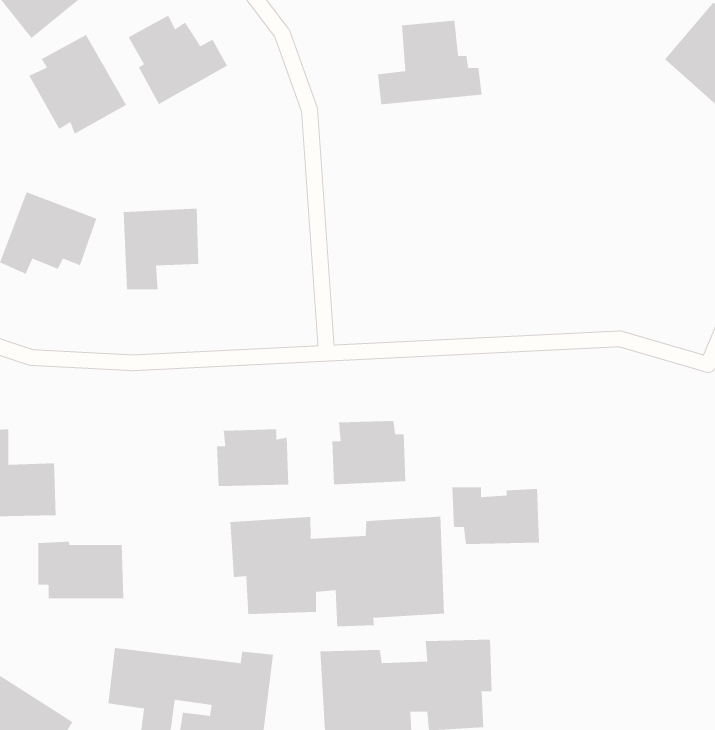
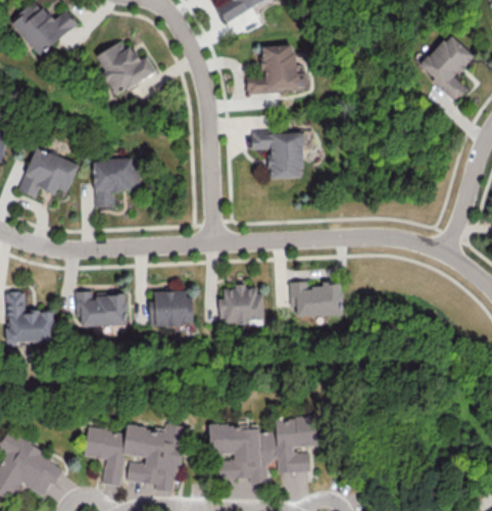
building: [29,34,127,134] -> none
building: none -> [251,131,303,179]
building: [451,487,540,544] -> [289,281,342,316]
building: [230,516,444,627] -> none
building: [38,541,124,599] -> [75,290,127,325]

